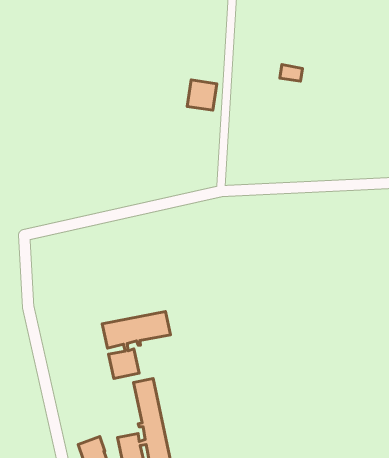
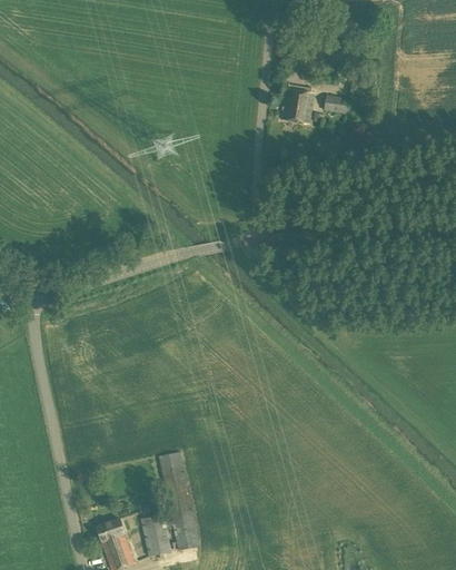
building: [187,80,217,110] -> [280,88,314,122]
building: [102,311,170,378] -> none

